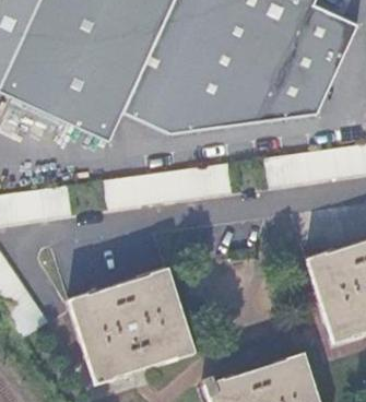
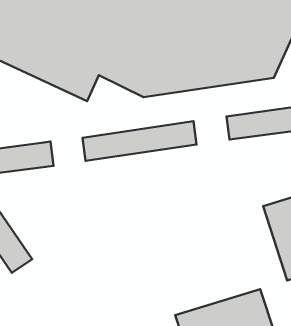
building: [71,268,196,382] -> none

